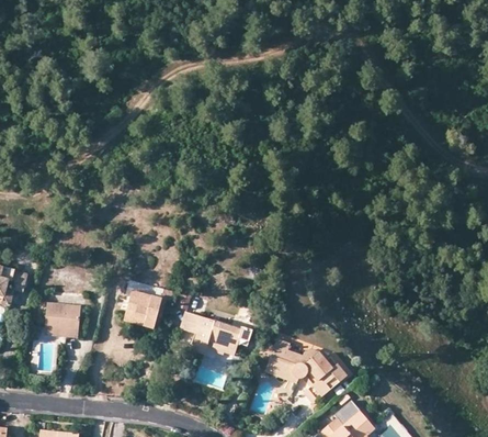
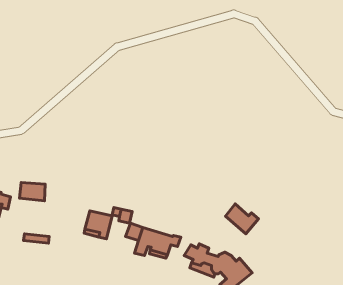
building: none -> [225,204,258,234]
building: [45,303,79,327] -> [20,182,45,201]

